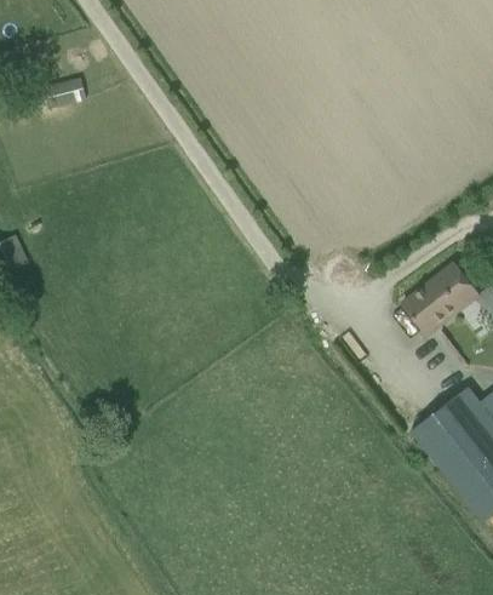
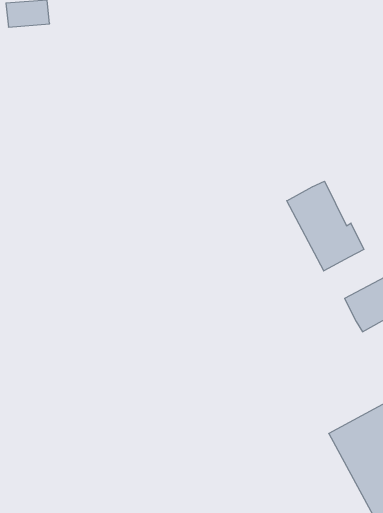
building: none -> [287,181,364,271]

